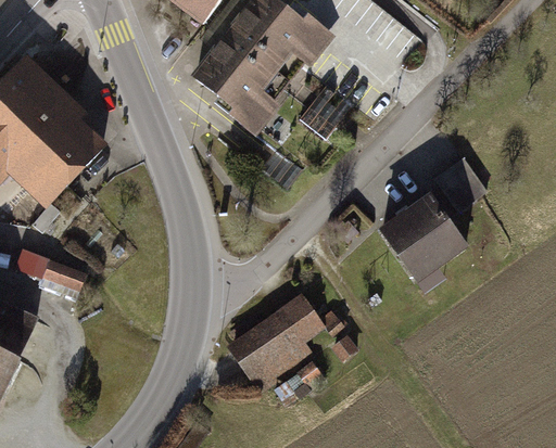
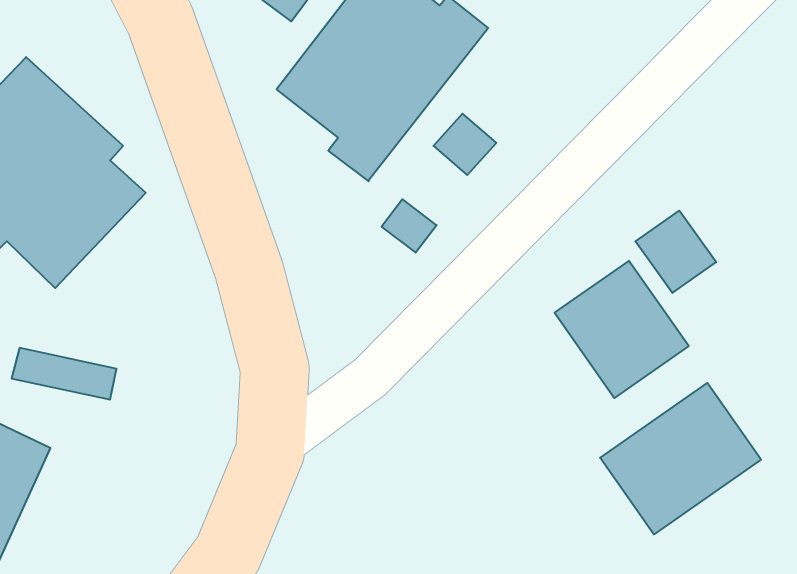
building: none -> [600,383,761,534]
building: [227,292,359,388] -> none

